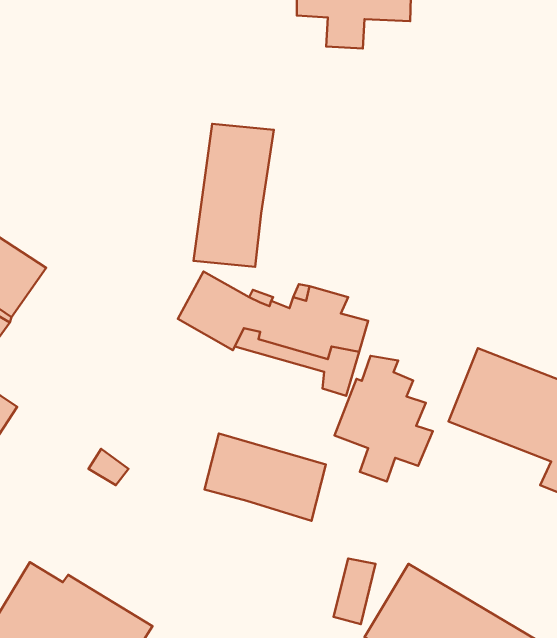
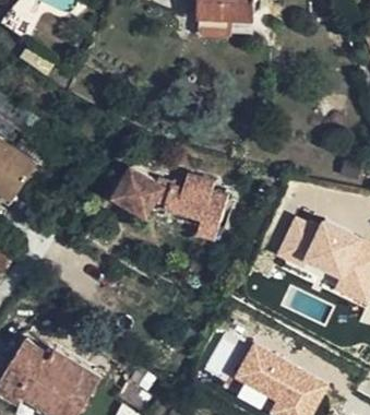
building: [193,124,274,267] -> none
building: [334,356,433,481] -> none
building: [205,433,326,521] -> none

